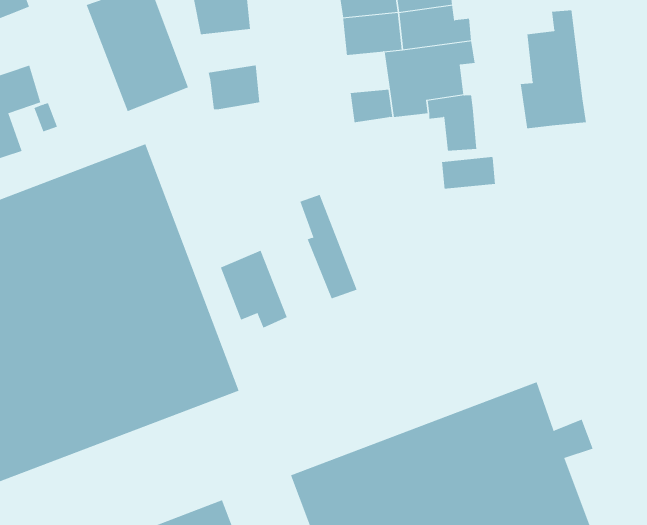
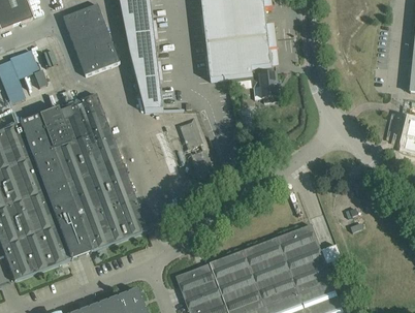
building: [520,10,586,129] -> none
building: none -> [126,29,157,53]
building: none -> [206,41,230,64]
building: none -> [135,69,163,109]
building: [441,156,496,190] -> none
building: [220,250,287,328] -> none

